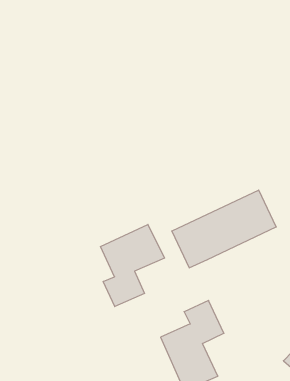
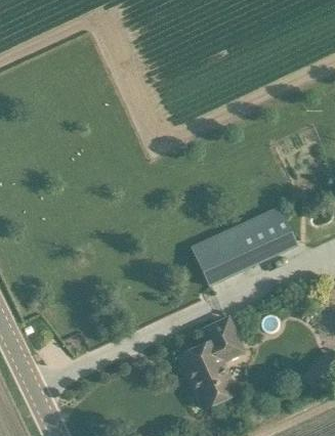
building: [101,224,164,307] -> none

